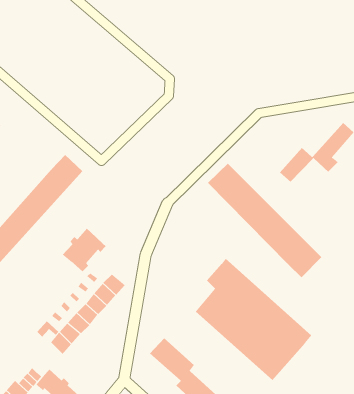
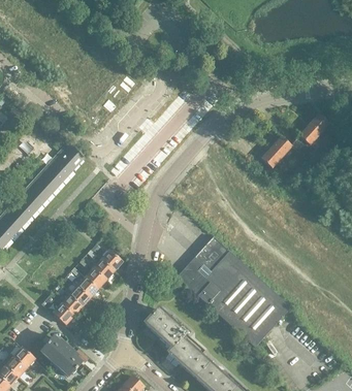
building: [207,163,322,278] -> none
building: [62,228,107,272] -> none

